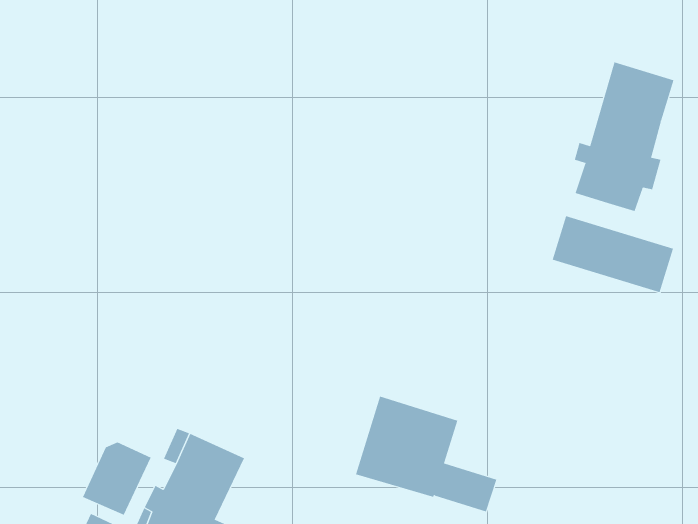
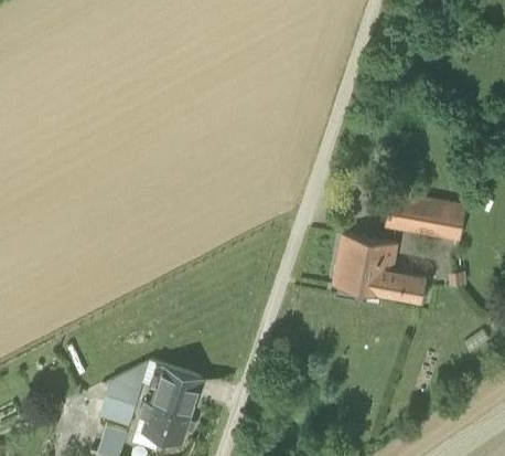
building: [574,61,674,212] -> none
building: [355,396,497,512] -> [334,234,427,301]

